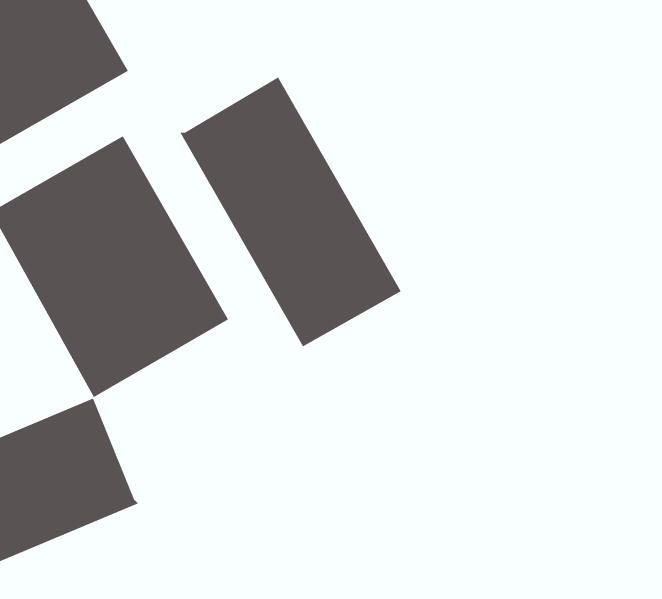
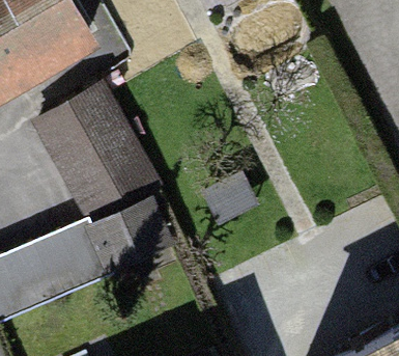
building: [179,76,402,347] -> none
building: none -> [88,197,175,274]

